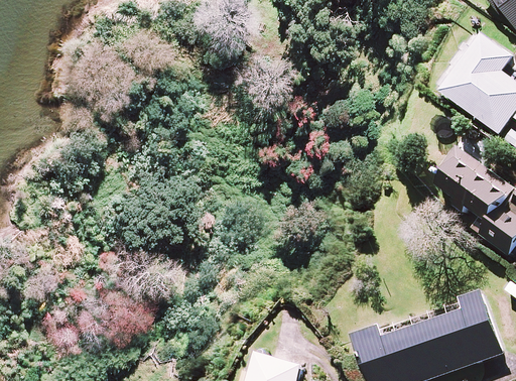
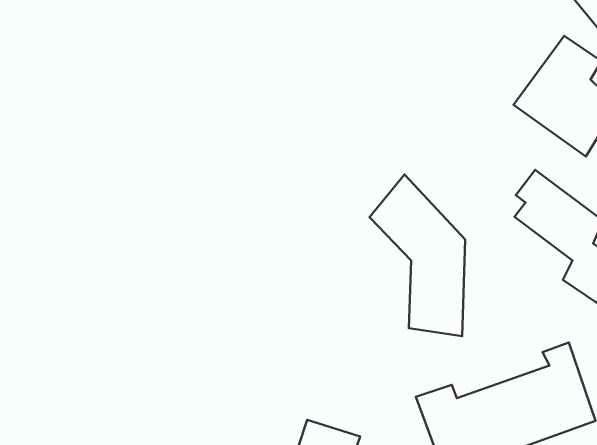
building: none -> [370,175,465,336]

